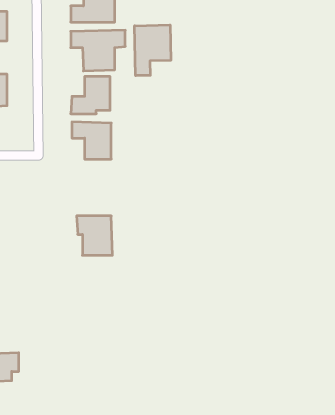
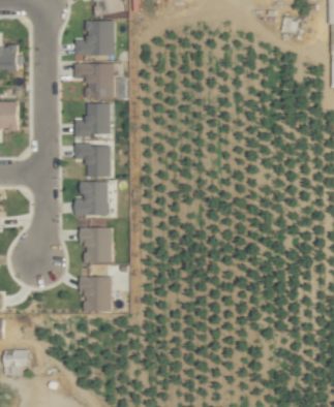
building: [135,25,171,76] -> none
building: none -> [74,181,109,215]
building: none -> [80,277,112,312]

